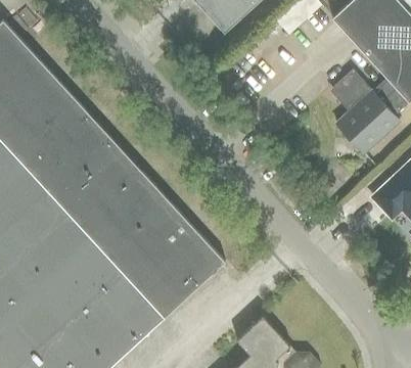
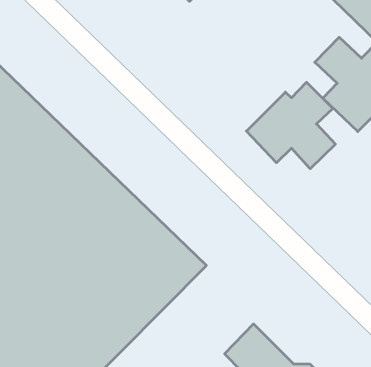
building: none -> [246,82,335,169]

